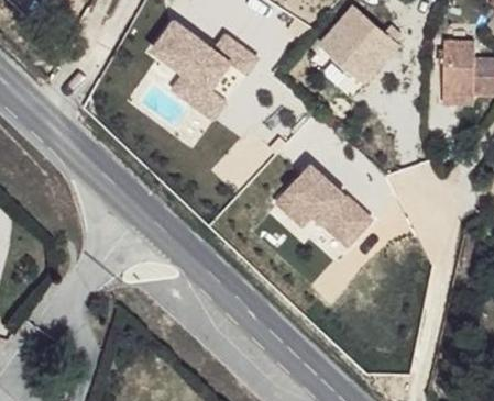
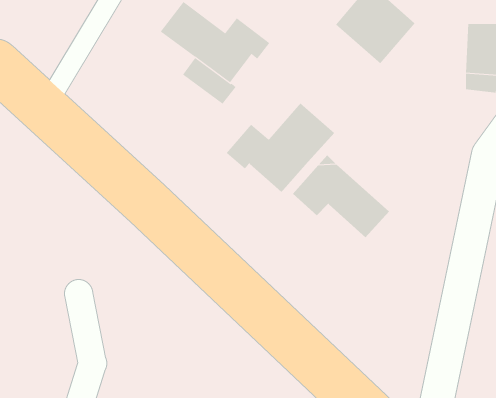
building: none -> [226,103,335,193]

